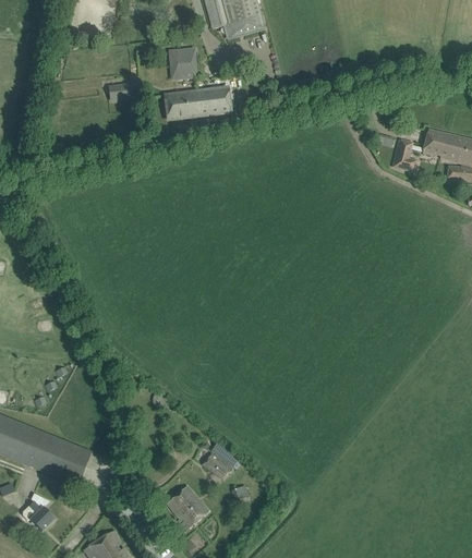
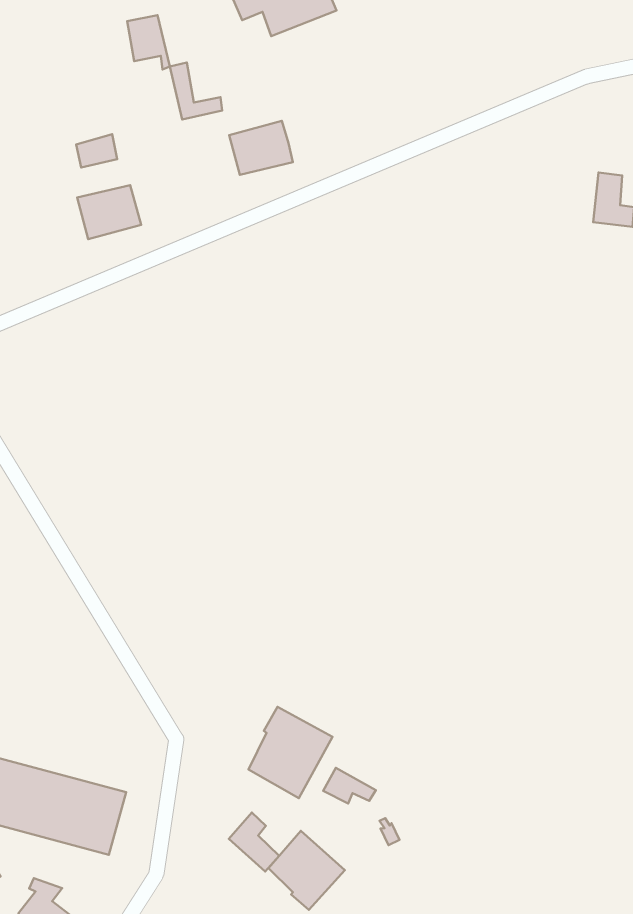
building: [177,47,197,77] -> [127,15,170,69]
building: [165,92,198,119] -> [77,185,141,239]
building: none -> [249,707,333,798]
building: none -> [229,812,279,872]

